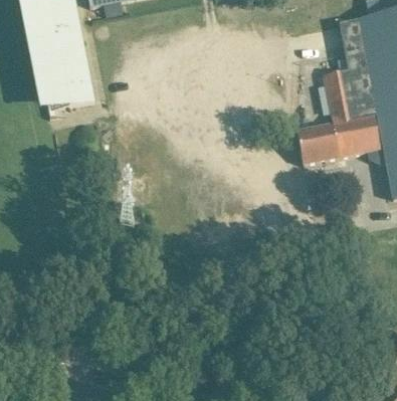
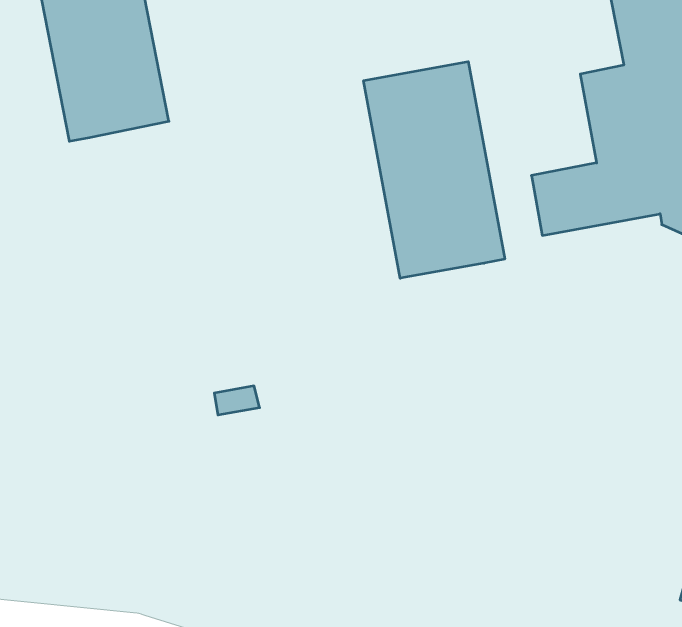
building: none -> [364,62,505,278]

